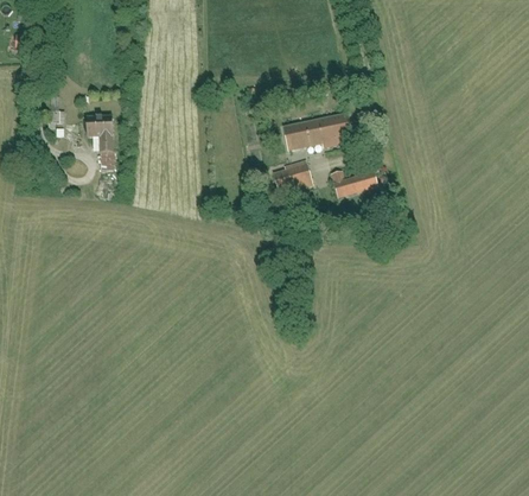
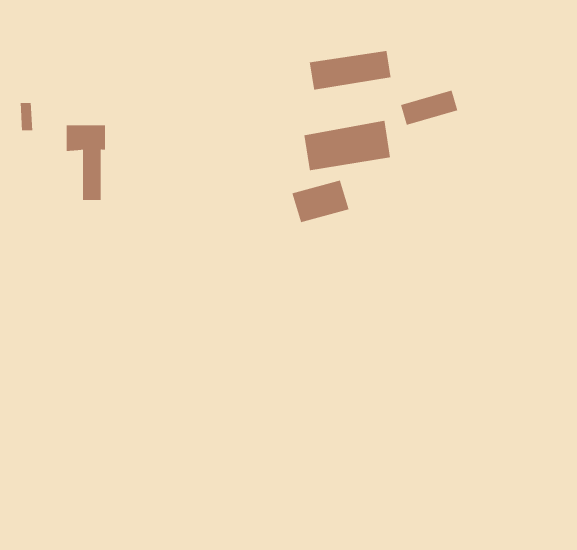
building: none -> [309,50,391,90]
building: [327,168,374,197] -> [400,90,458,125]

